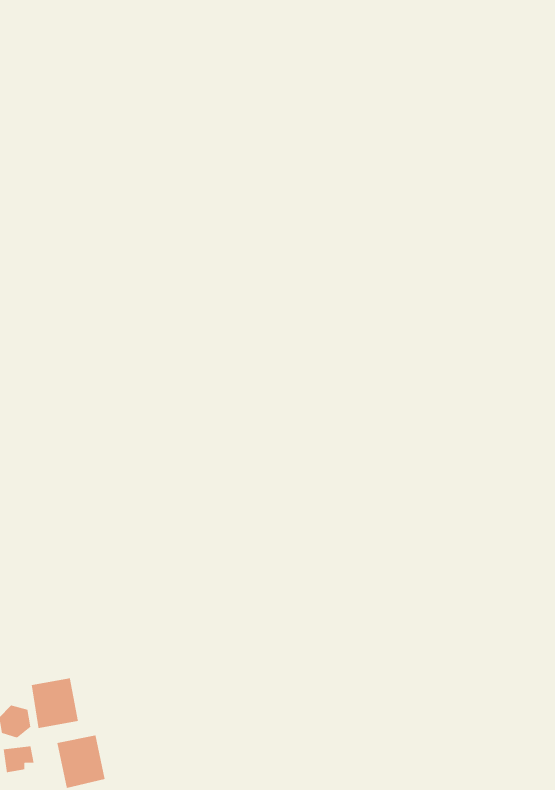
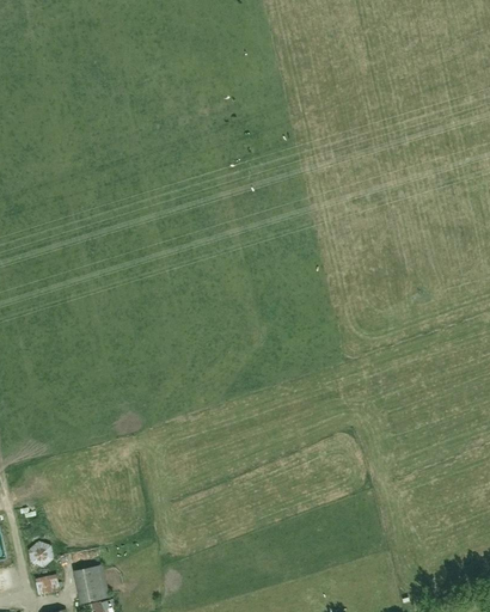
building: [31,678,78,729] -> none

